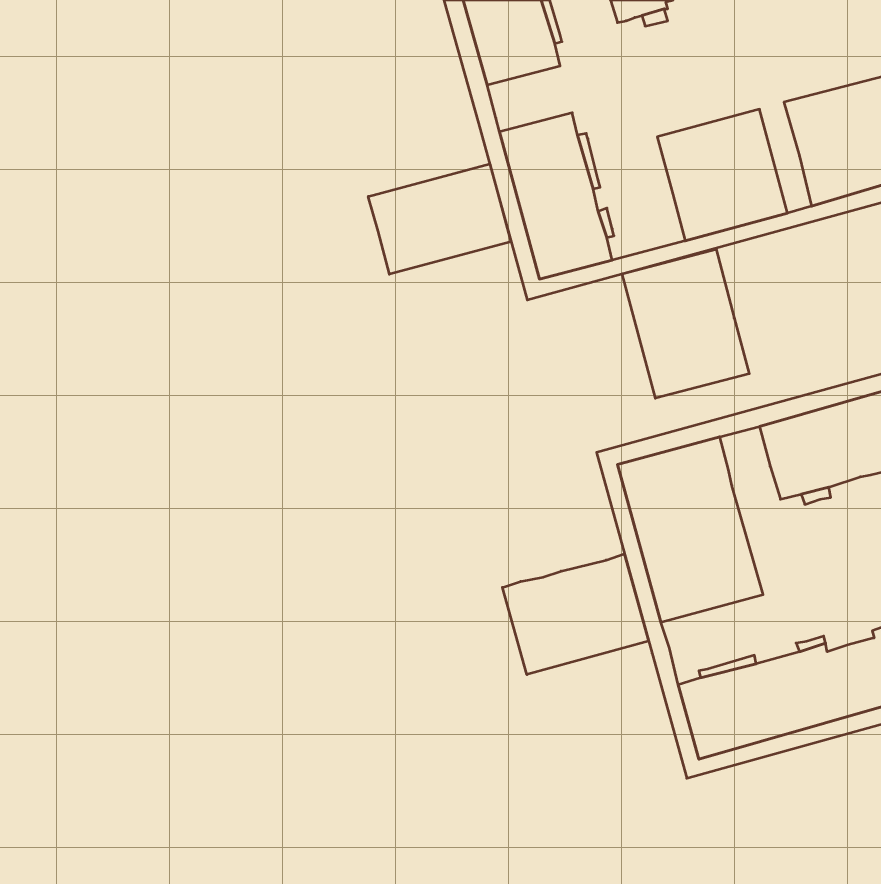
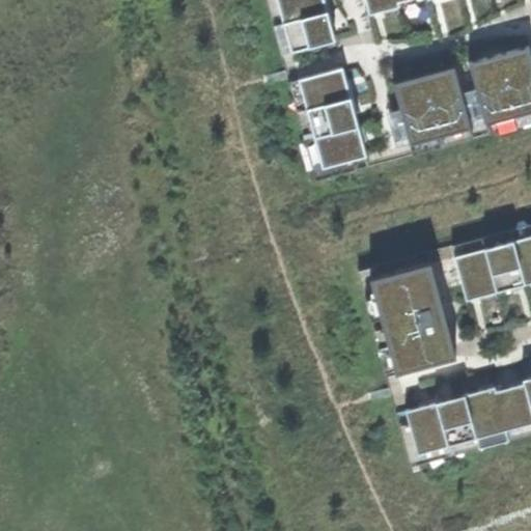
building: [368,164,511,274] -> none
building: [622,249,749,398] -> none
building: [502,554,649,675] -> none

